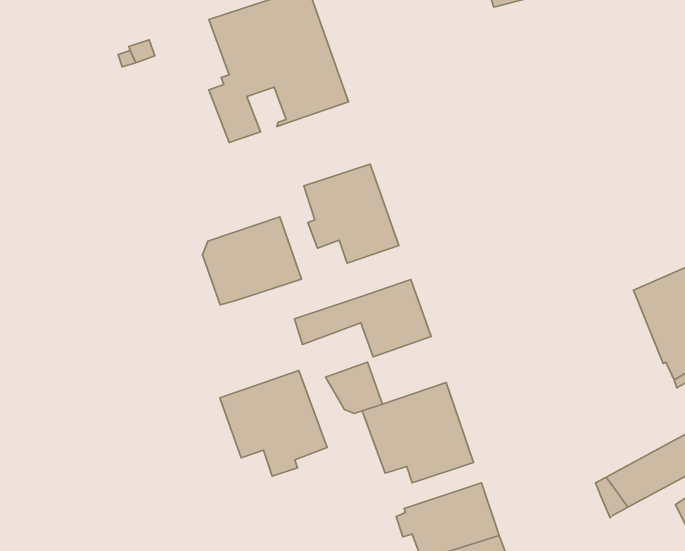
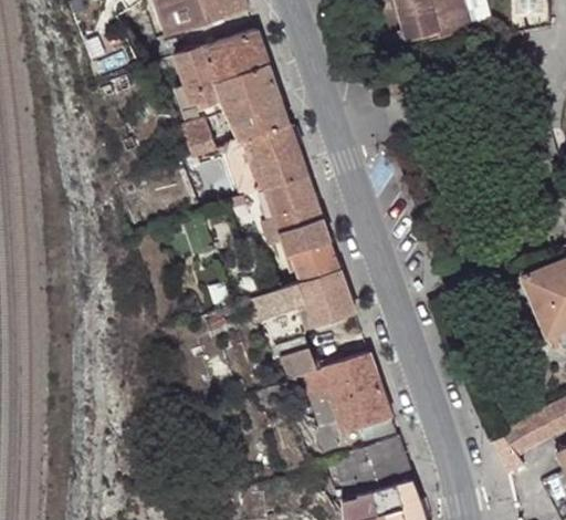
building: [202,217,301,305] -> [227,123,307,195]
building: none -> [284,240,340,282]
building: [220,371,327,476] -> none

